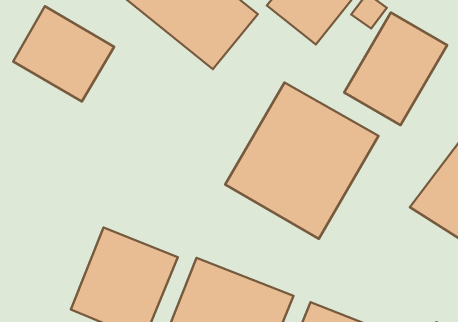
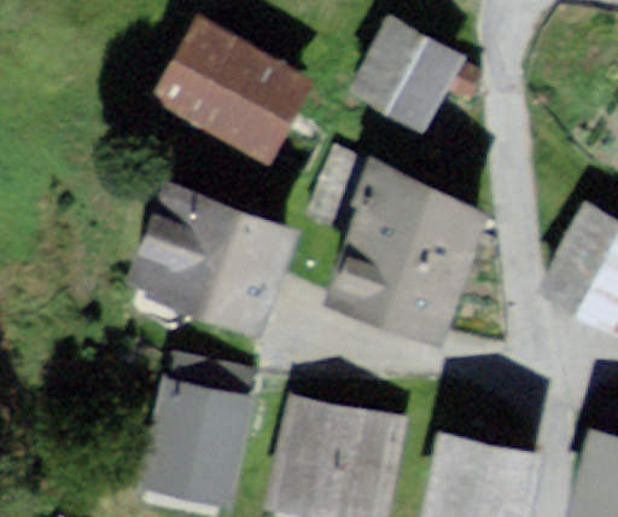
building: [13,6,114,102] -> none
building: [344,12,447,125] -> none
building: none -> [123,178,301,336]

